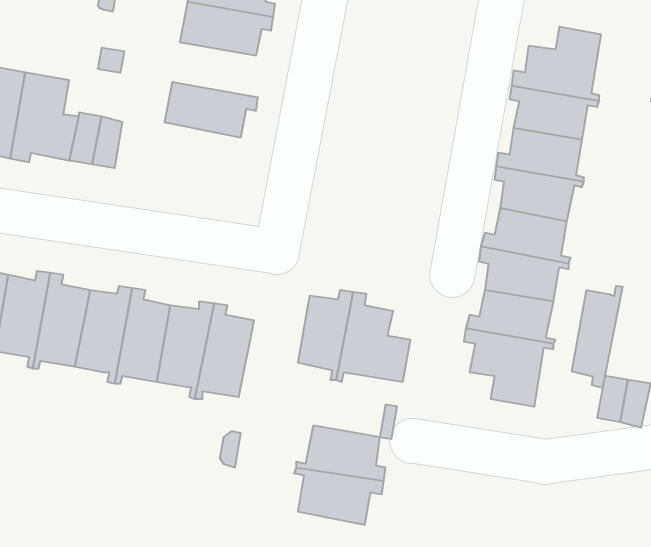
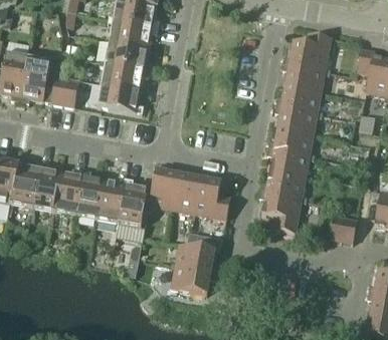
building: none -> [106,40,152,69]
building: none -> [98,82,144,113]
building: none -> [149,163,178,211]
building: [572,286,622,388] -> none

